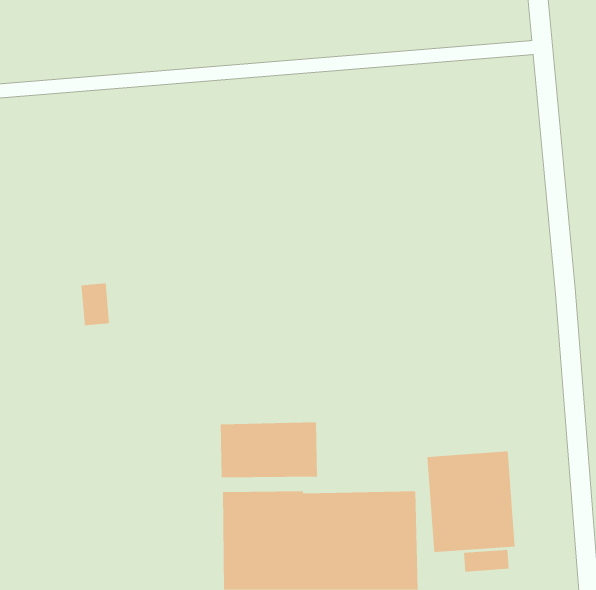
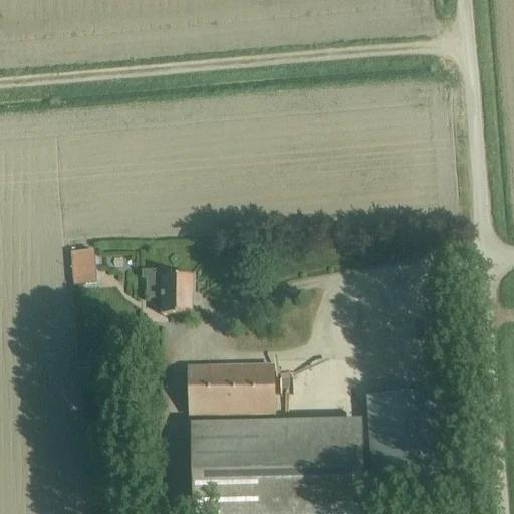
building: none -> [142,266,192,311]
building: [463,549,509,573] -> none

